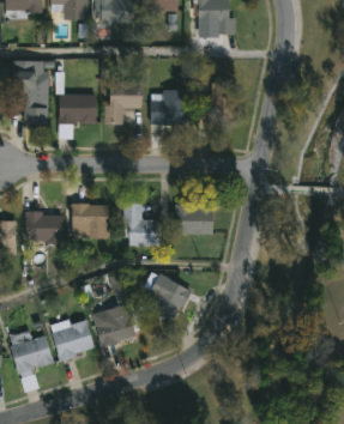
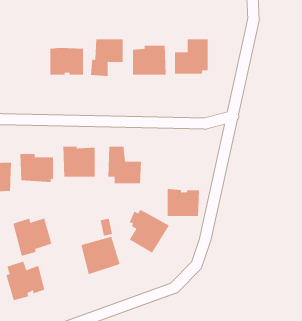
building: [8,71,47,123] -> none
building: [176,202,213,234] -> [167,189,200,217]
building: [50,319,95,362] -> [13,218,52,257]

